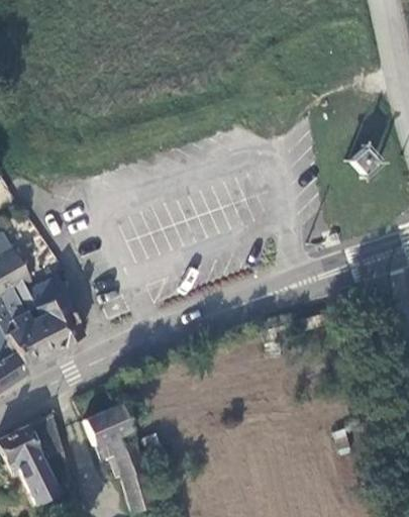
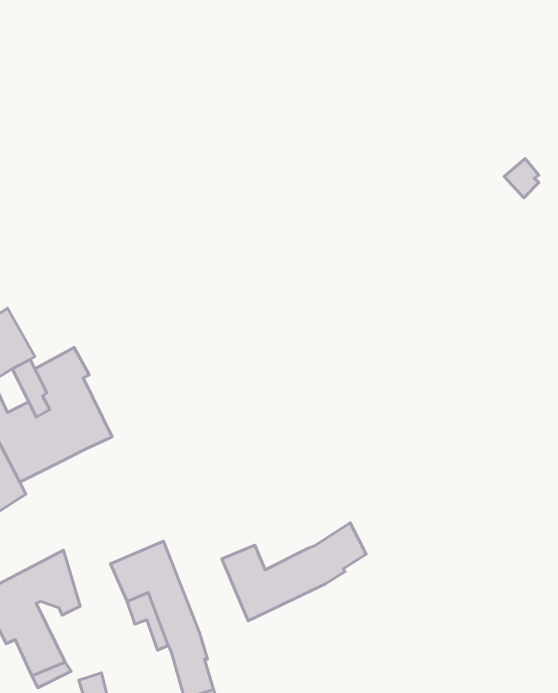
building: none -> [222,523,366,621]

